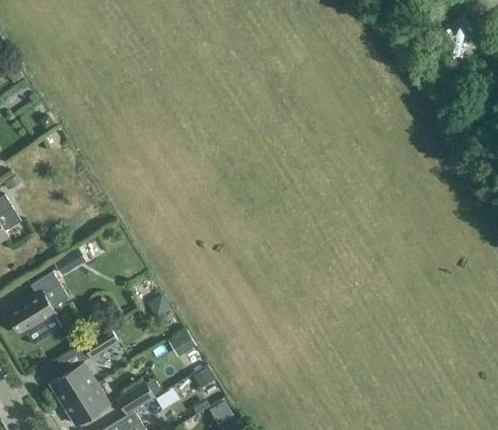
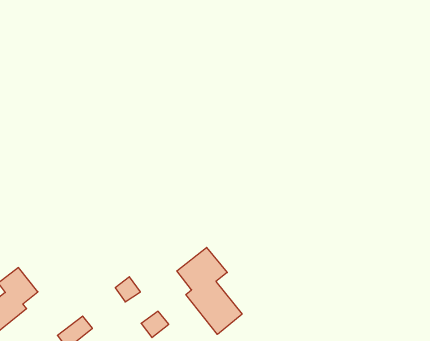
building: none -> [177,247,242,334]

